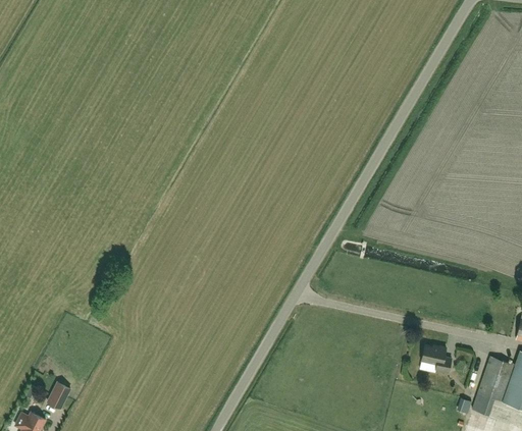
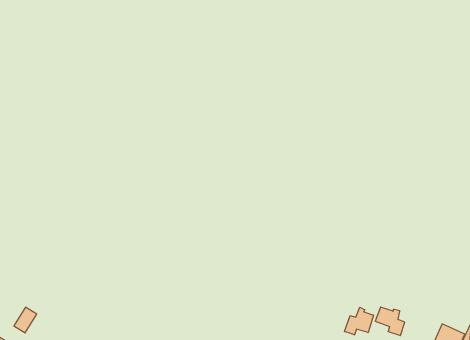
building: none -> [345,307,374,335]

